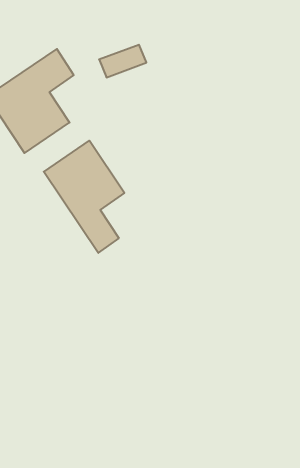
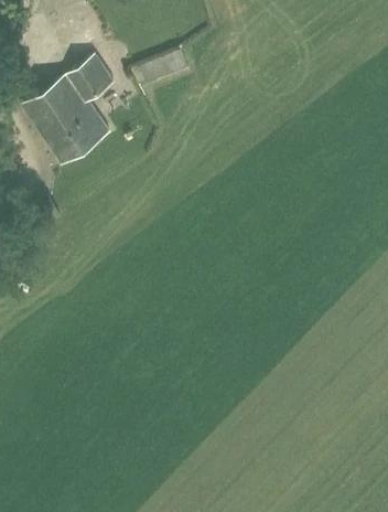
building: [44,141,124,253] -> none

